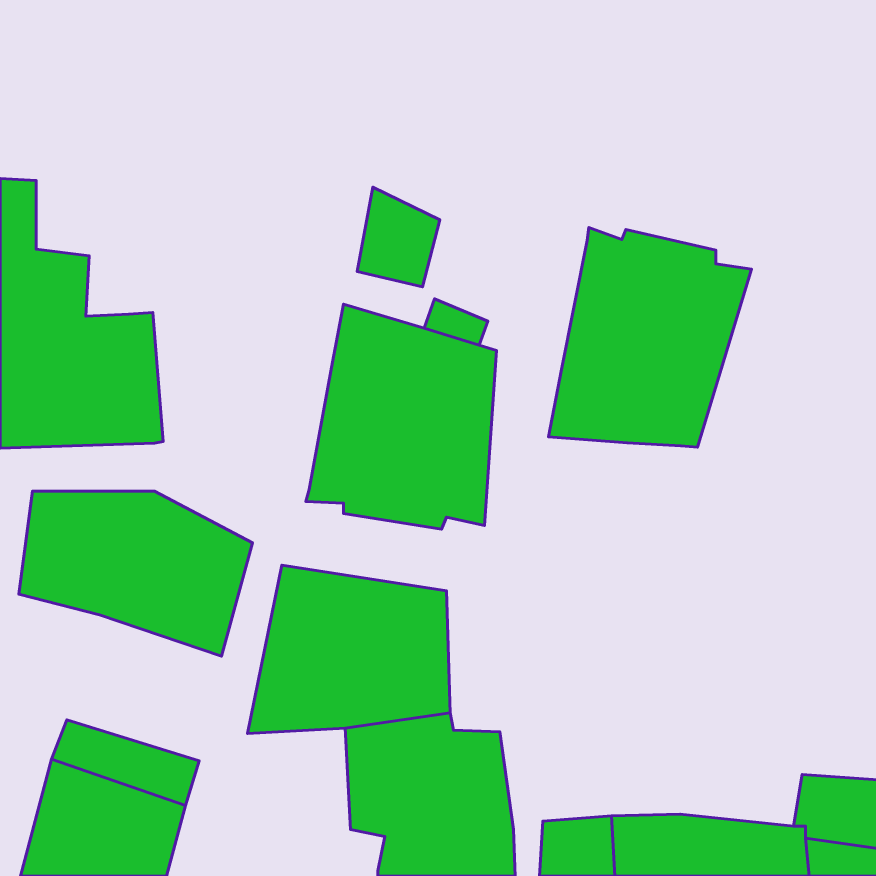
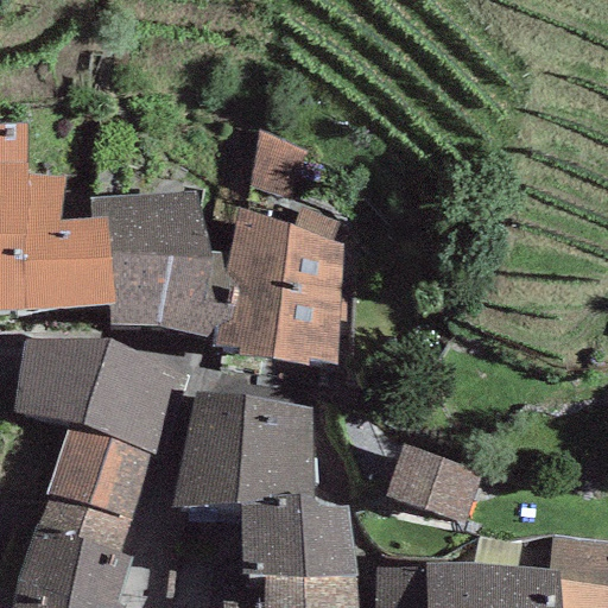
building: [549,227,751,447] -> none
building: none -> [90,191,230,338]
building: none -> [44,425,154,526]
building: none -> [386,443,483,524]

